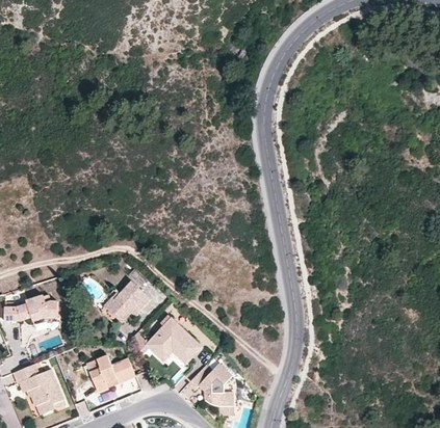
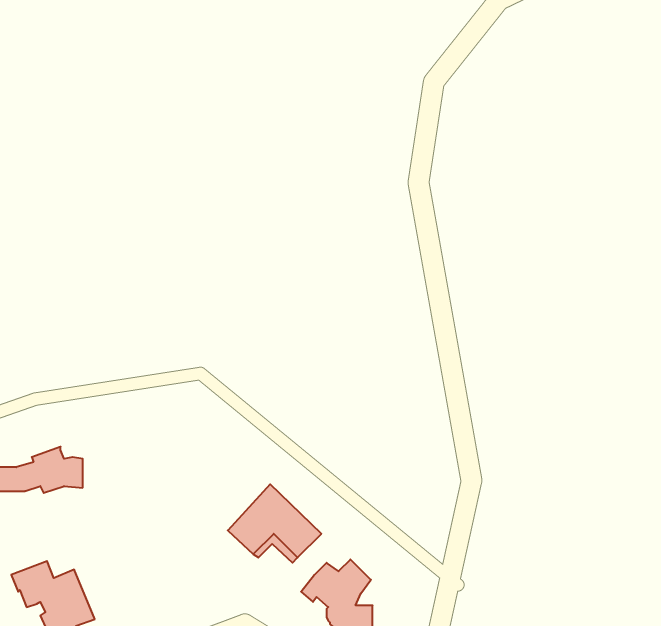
building: [104,282,150,322] -> none
building: [85,355,134,392] -> none

